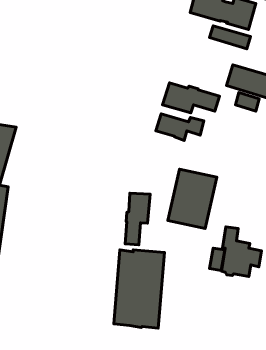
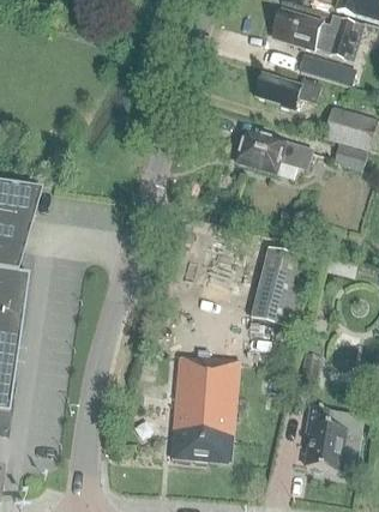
building: [156,114,204,141] -> [255,73,320,109]
building: [125,193,150,245] -> none
building: [221,227,261,277] -> [306,405,360,472]

